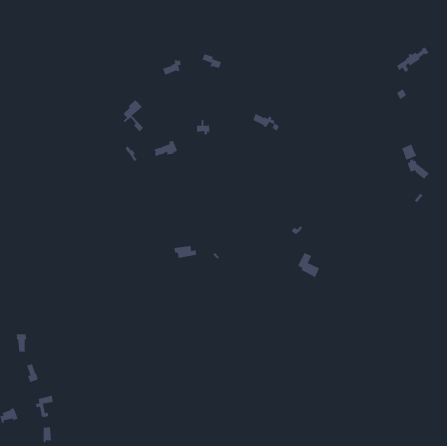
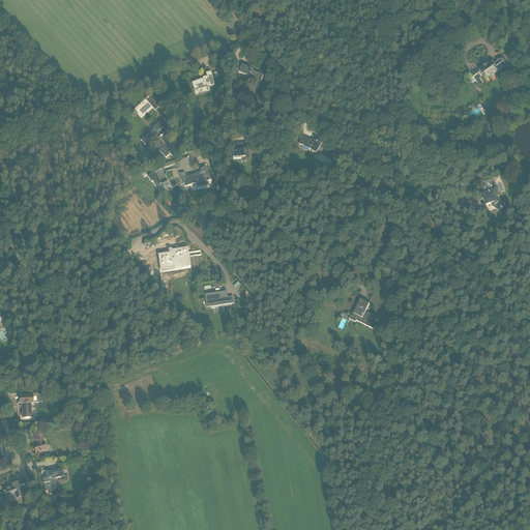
building: none -> [160,245,192,267]

